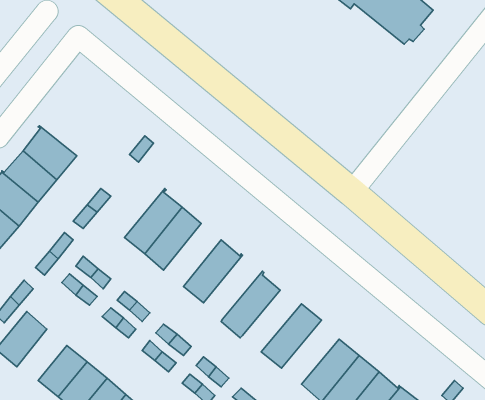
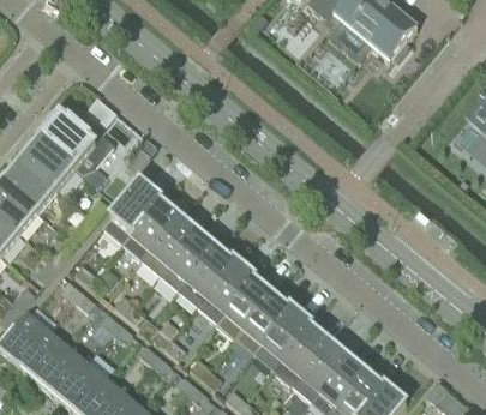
building: none -> [40,110,113,169]
building: none -> [102,179,160,241]
building: none -> [158,228,214,288]
building: none -> [197,258,253,319]
building: none -> [234,291,290,350]
building: none -> [271,320,326,381]
building: none -> [18,329,66,378]

